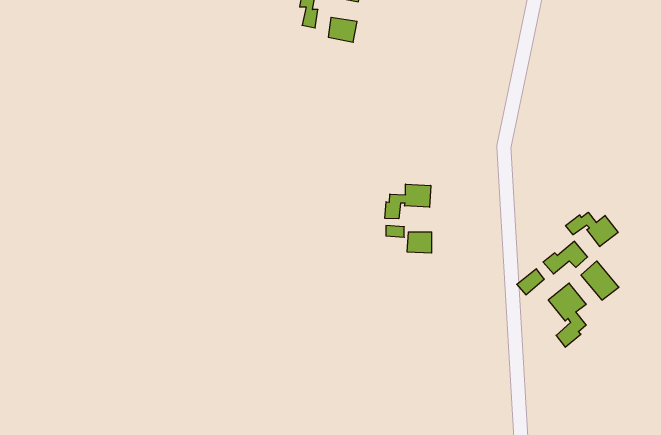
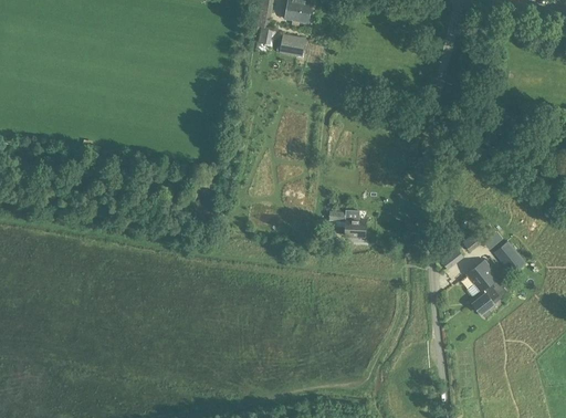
building: [385,184,431,219] -> none
building: [566,212,618,247] -> none

